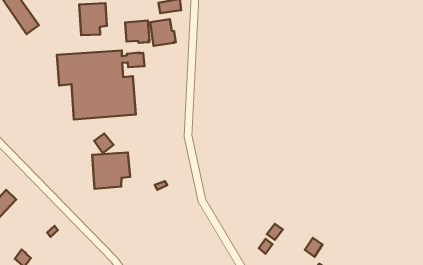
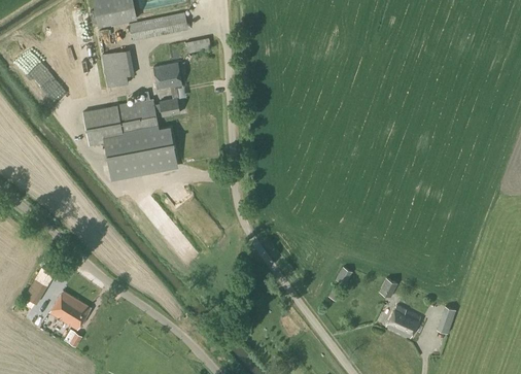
building: [150,19,176,46] -> none
building: [92,152,130,189] -> none
building: none -> [49,292,91,330]

